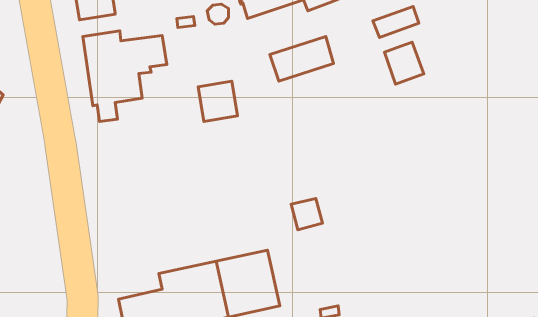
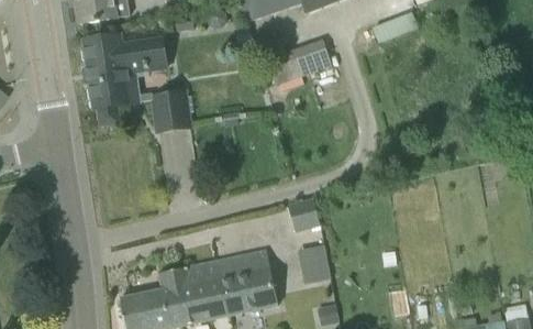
building: [385,42,424,84] -> none
building: [198,81,238,121] -> [153,91,191,131]
building: none -> [297,243,326,279]

